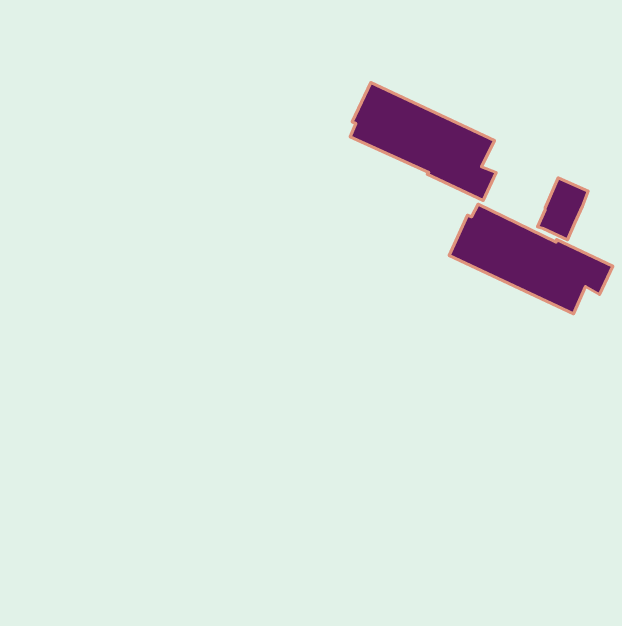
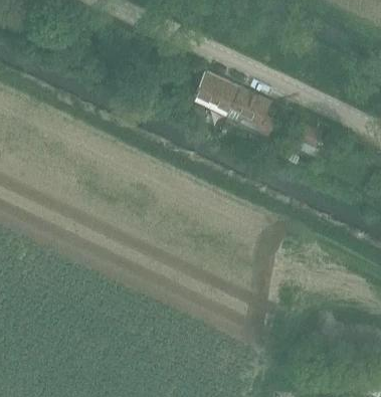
building: [449,204,613,314] -> none

